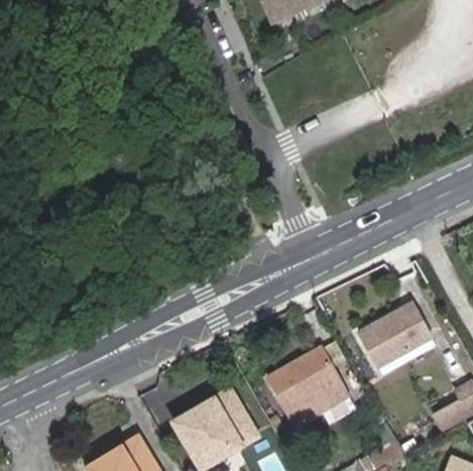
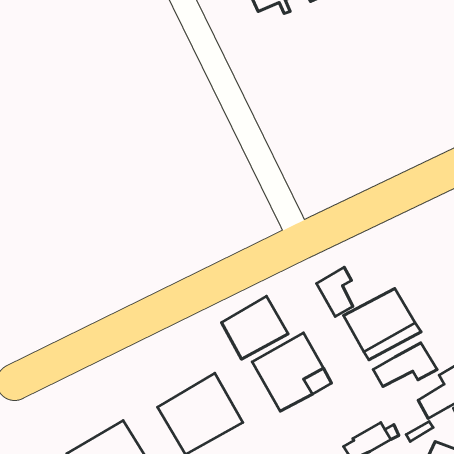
building: none -> [317,267,353,316]
building: none -> [221,296,288,359]
building: none -> [373,343,437,387]

